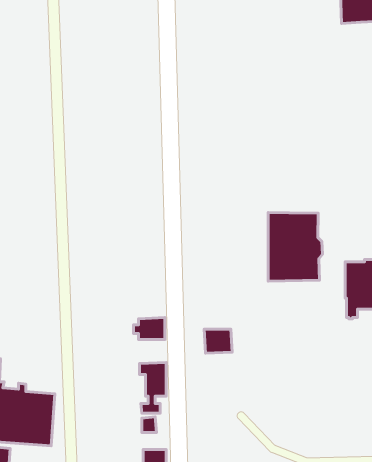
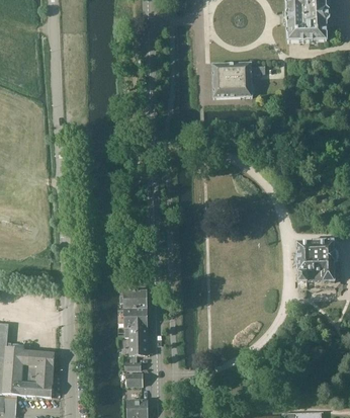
building: none -> [211,64,265,99]
building: [268,212,322,281] -> none
building: [204,329,232,353] -> [123,308,147,328]

